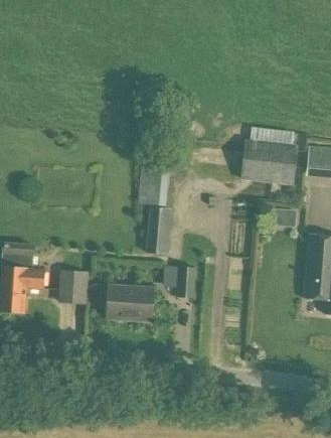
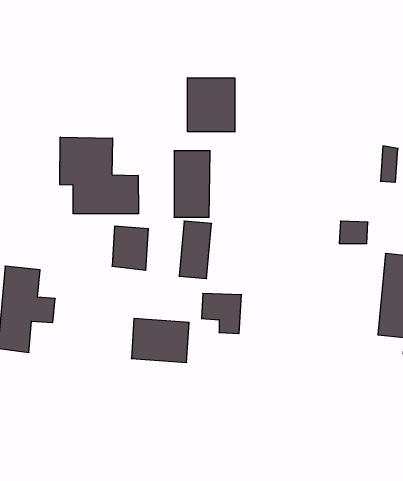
building: none -> [188,78,235,132]
building: [239,138,297,184] -> none
building: none -> [60,137,138,214]
building: [58,269,88,304] -> [112,226,148,270]

